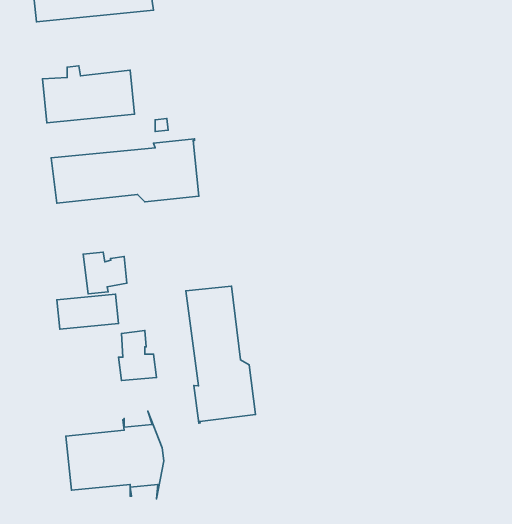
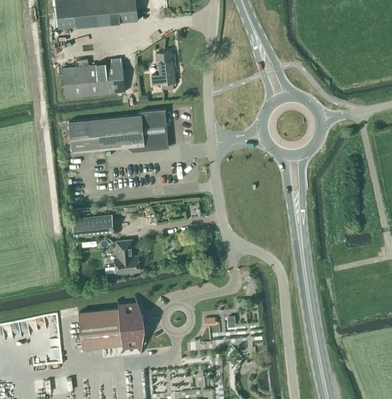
building: none -> [151,52,174,90]
building: [83,252,127,294] -> none
building: [186,286,255,423] -> none

